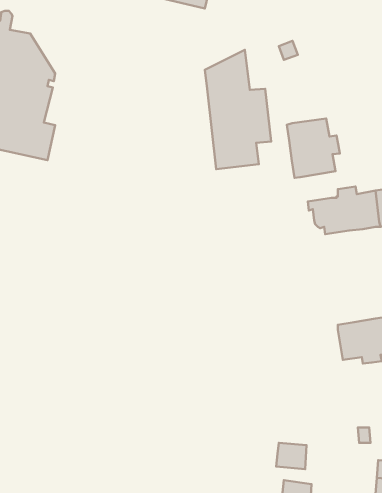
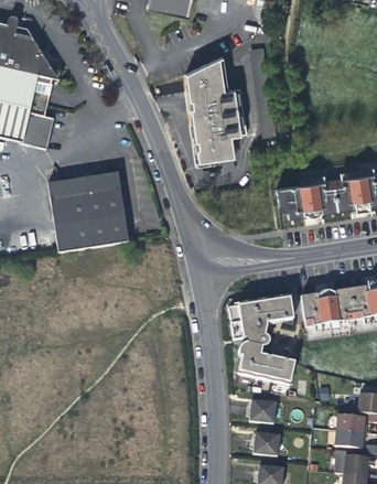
building: [287,119,340,178] -> none
building: none -> [46,172,127,252]
building: none -> [230,293,295,383]

